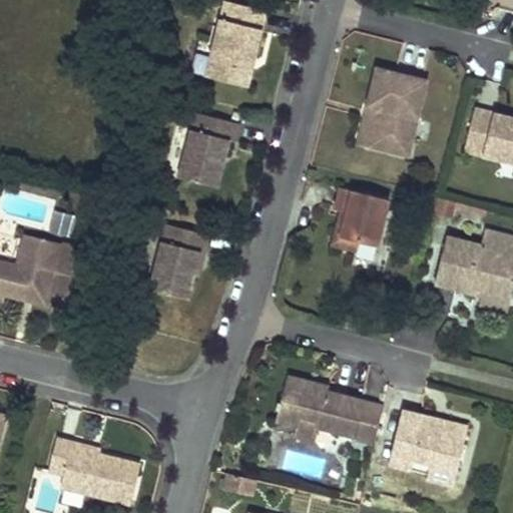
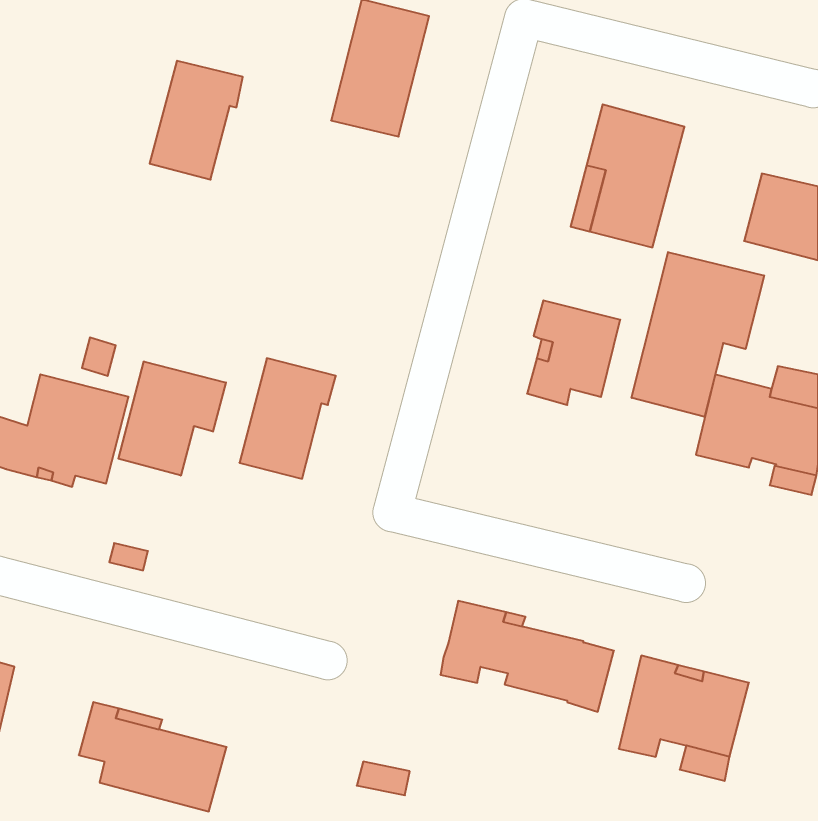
building: [178,111,236,185] -> [150,61,243,180]
building: none -> [632,252,764,417]
building: none -> [118,361,226,476]

